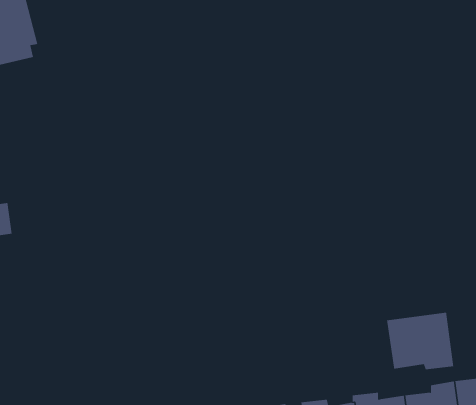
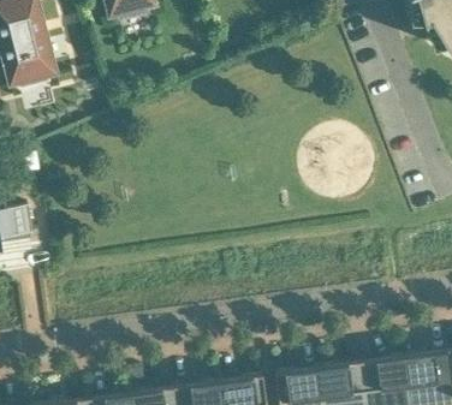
building: [386,312,454,370] -> none

